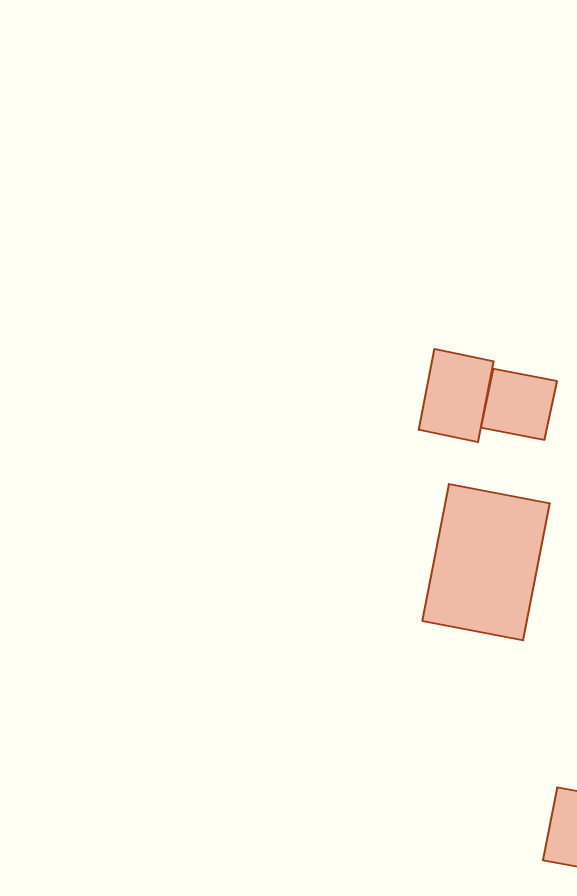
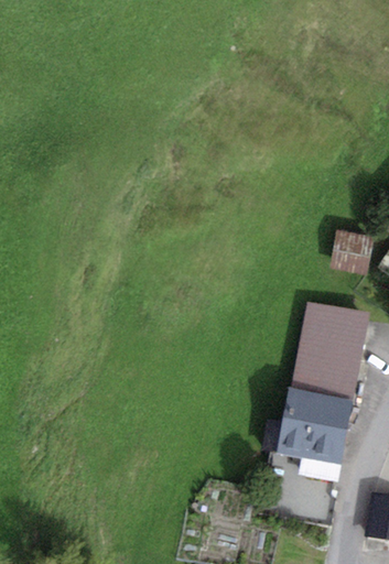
building: [419,349,494,442] -> none
building: none -> [274,387,354,466]

